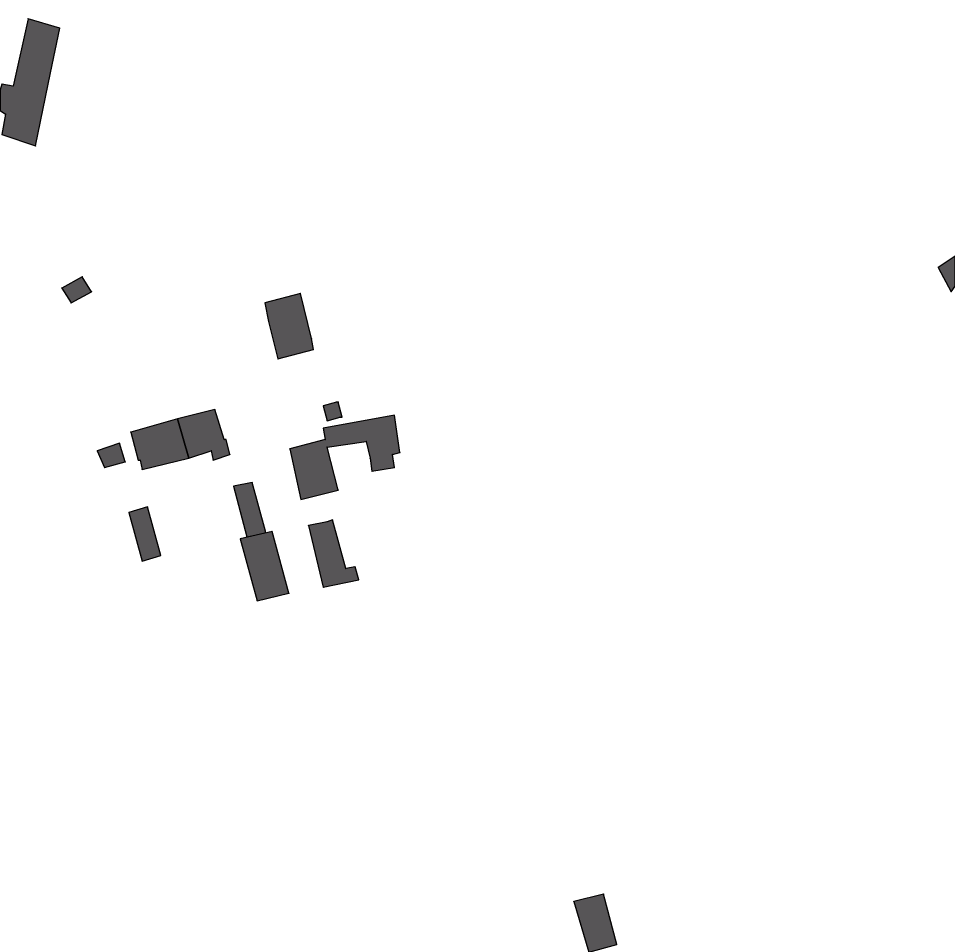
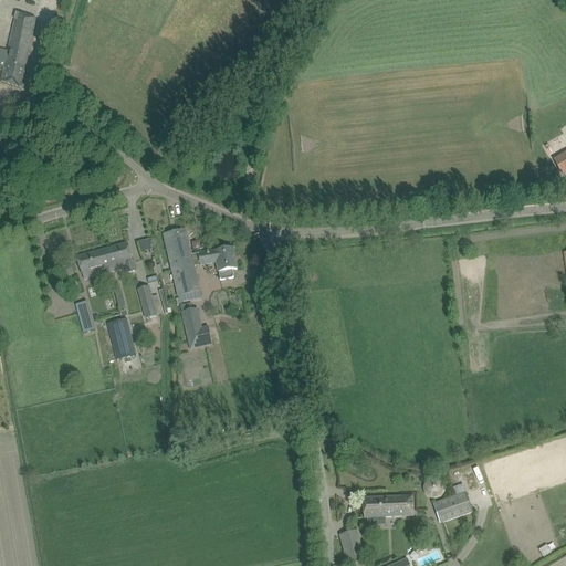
building: [265,293,313,359] -> [164,227,192,265]
building: [240,531,289,601] -> [107,317,136,358]
building: none -> [433,491,473,522]
building: none -> [363,494,413,516]

